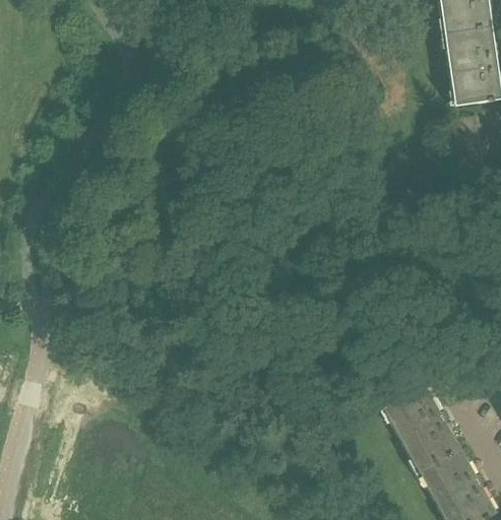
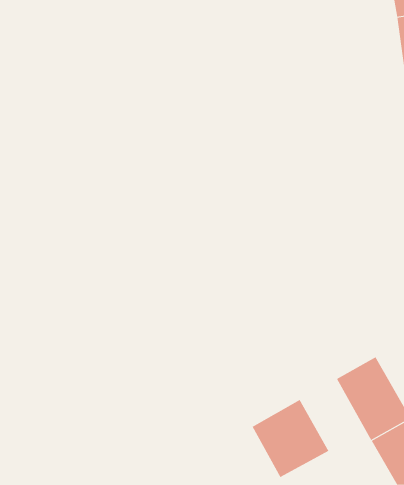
building: none -> [252,399,329,478]

